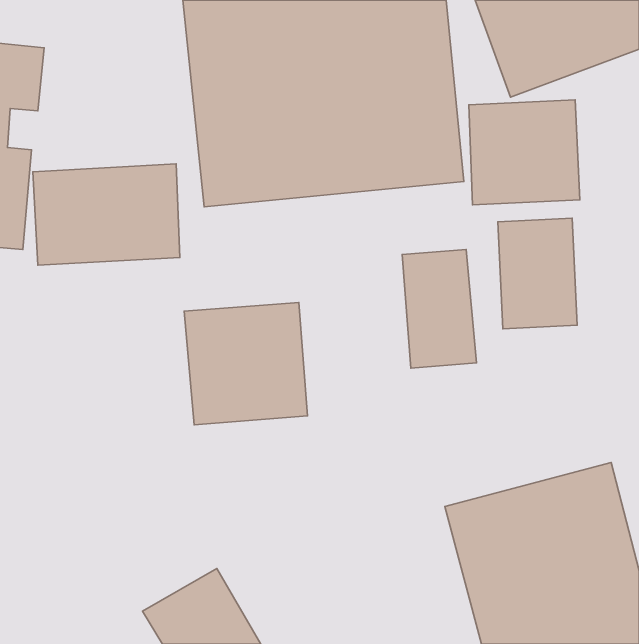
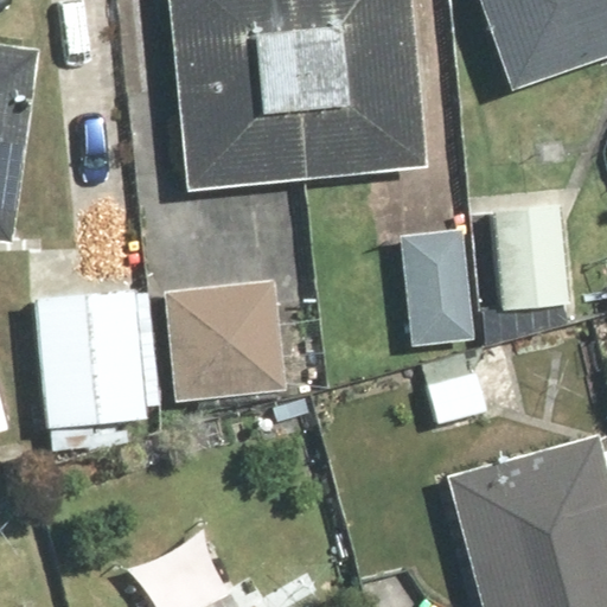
building: [469,100,580,205] -> none
building: [33,164,180,265] -> none
building: none -> [46,293,152,429]

